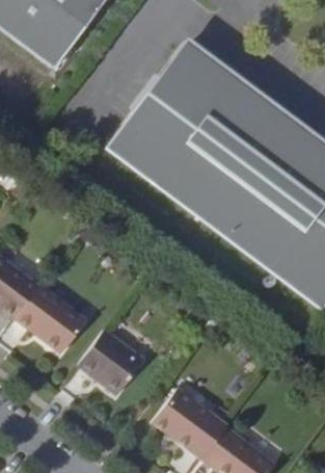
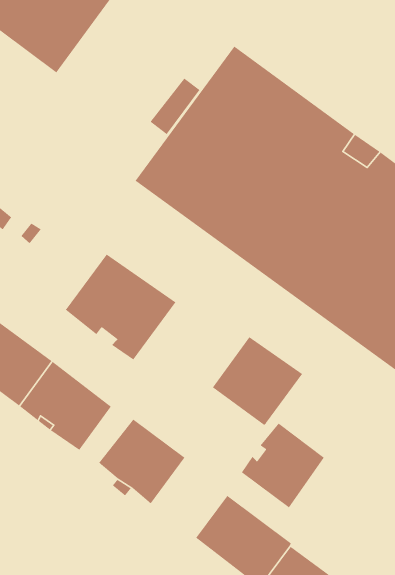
building: none -> [65,254,176,360]
building: none -> [212,336,303,426]
building: none -> [241,422,325,508]

